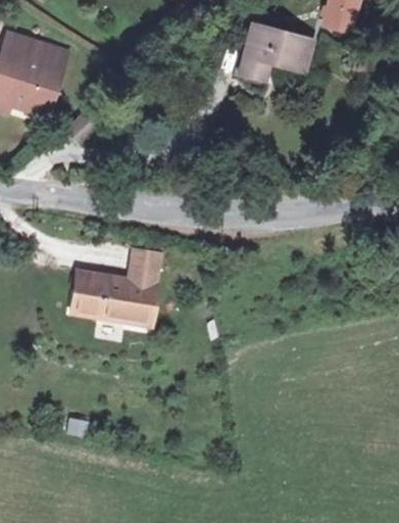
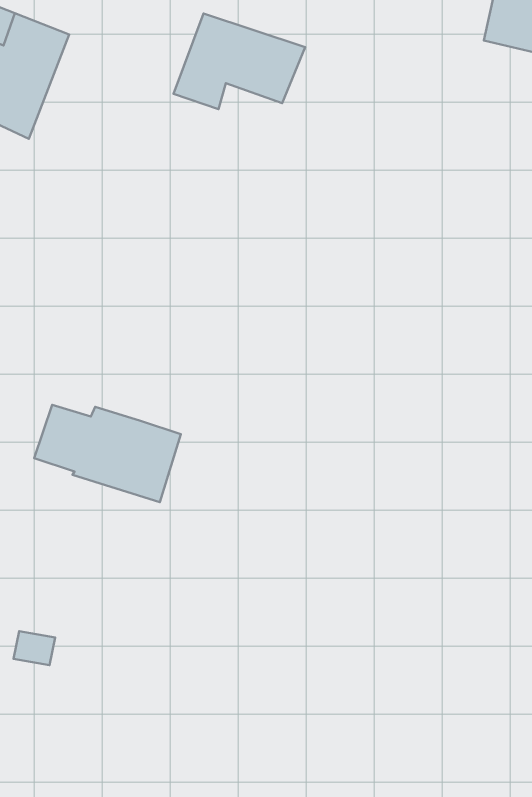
building: [237,22,315,81] -> [173,13,305,109]
building: [131,249,163,286] -> none

